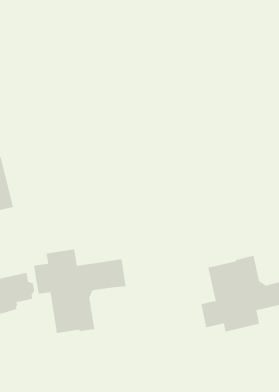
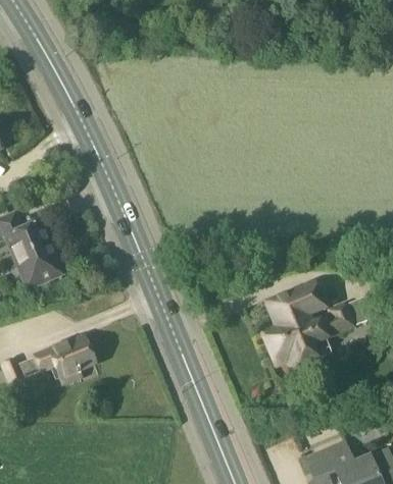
building: [33,249,126,334] -> none

